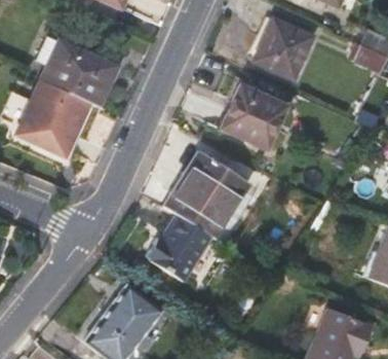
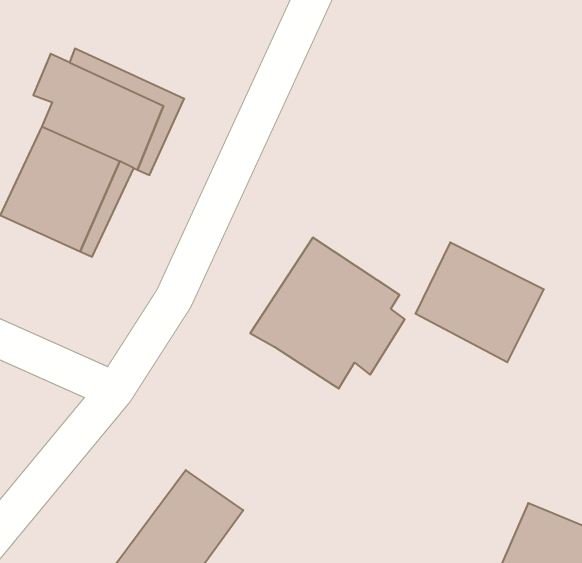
building: [254,16,313,77] -> none
building: [219,81,295,152] -> [415,242,544,362]
building: [146,214,212,281] -> none

